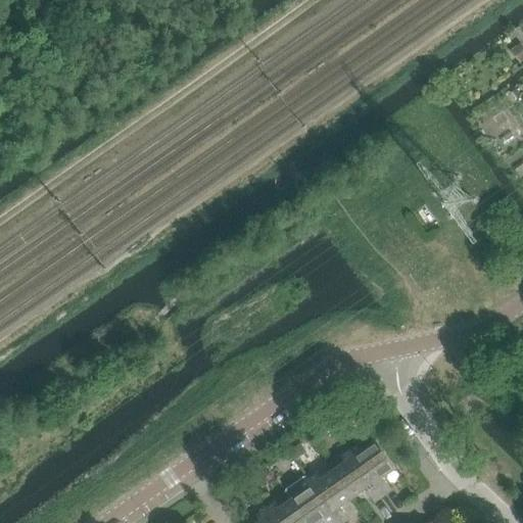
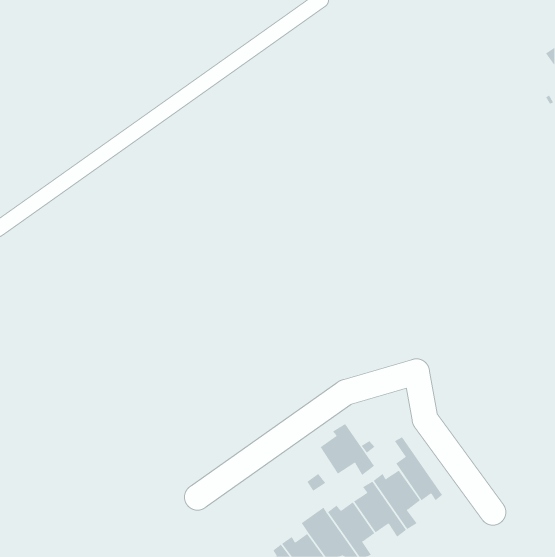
building: none -> [320,423,375,476]
building: none -> [394,436,443,501]

